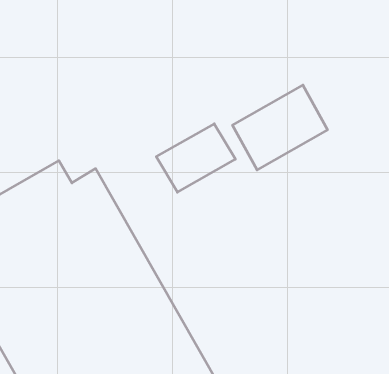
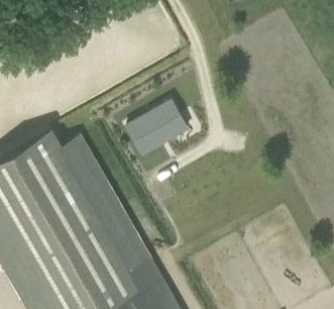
building: [233,85,327,170] -> none

